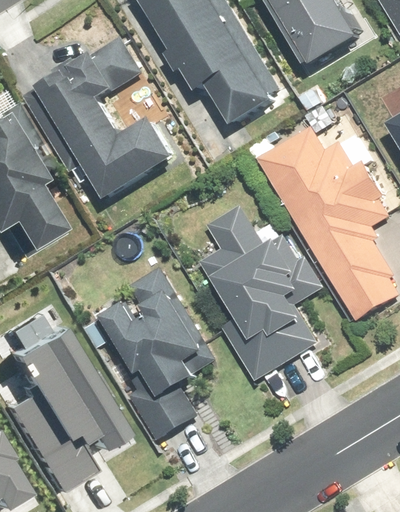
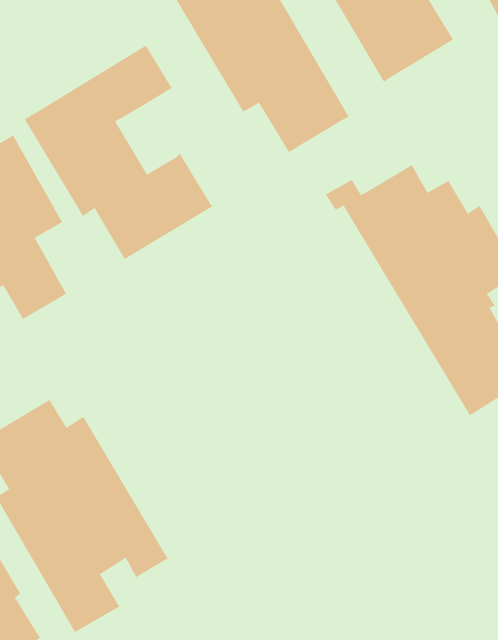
building: [205,206,332,381] -> none
building: [96,267,215,444] -> none

